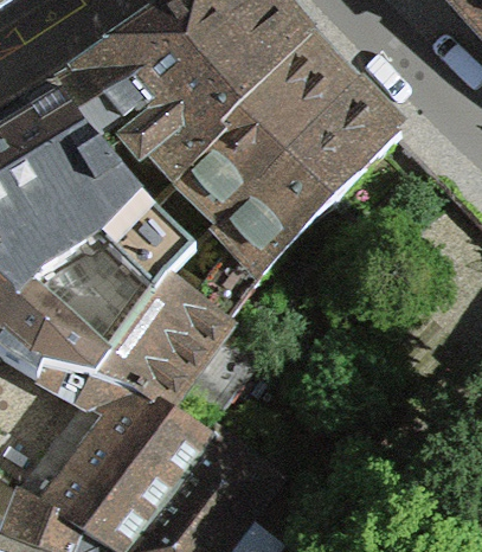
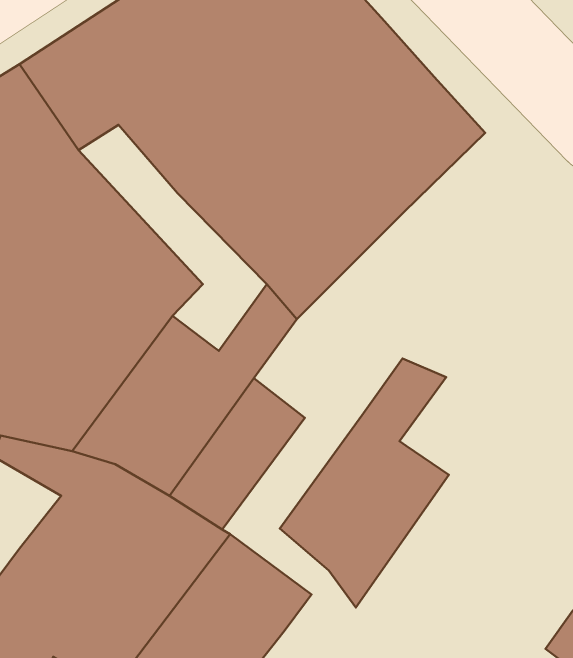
building: none -> [280,358,449,608]

